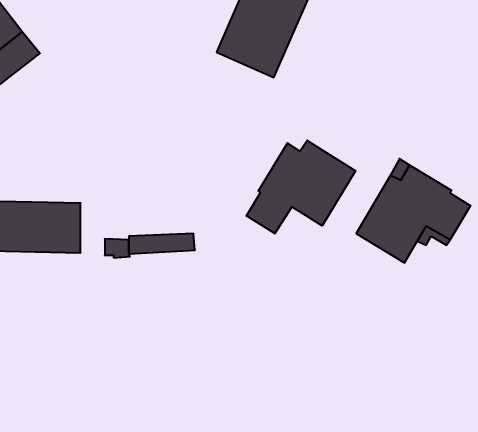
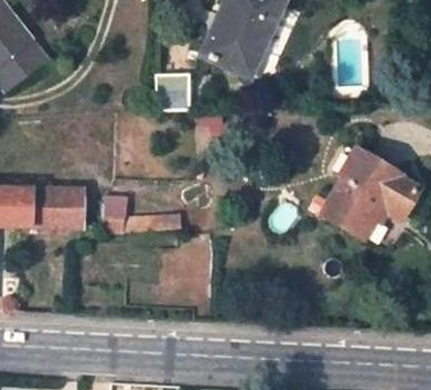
building: none -> [155,74,191,111]
building: [246,140,355,234] -> none

